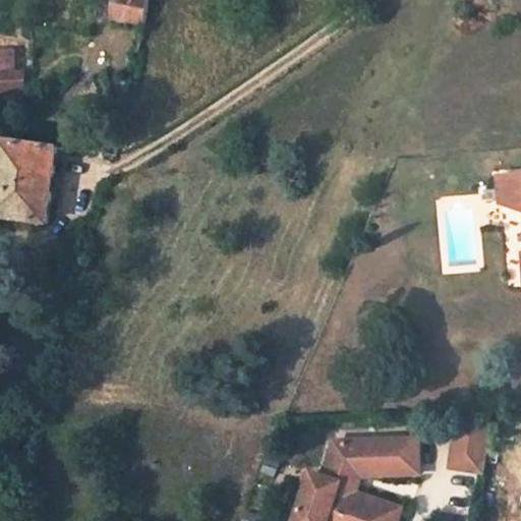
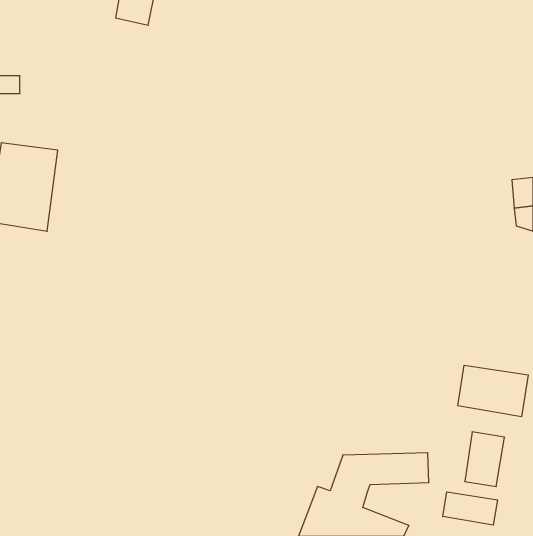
building: none -> [458,365,528,417]
building: none -> [443,492,497,525]

